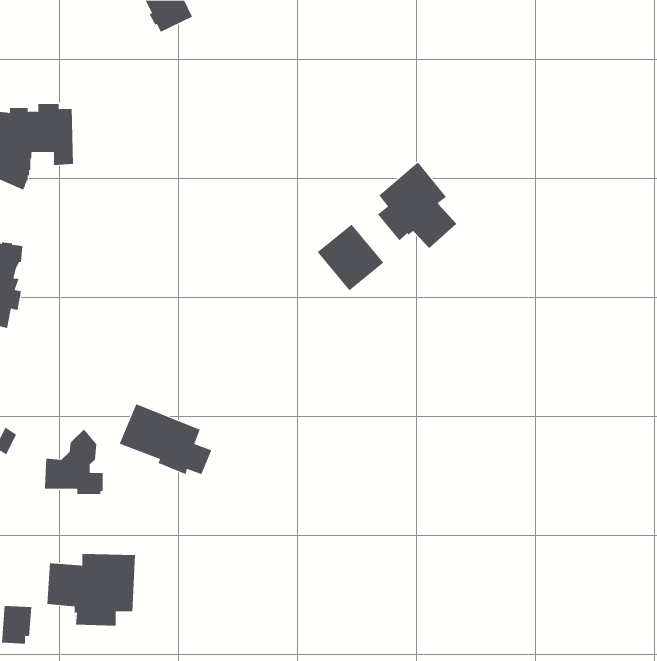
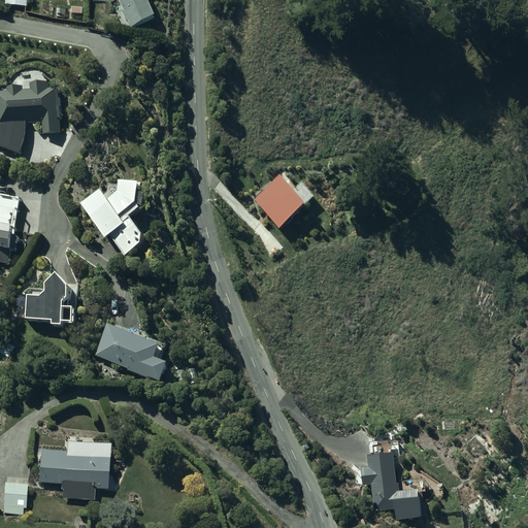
building: [377,161,457,249] -> none
building: none -> [80,177,143,254]
building: [44,428,104,494] -> [28,273,75,326]
building: none -> [352,448,421,520]

